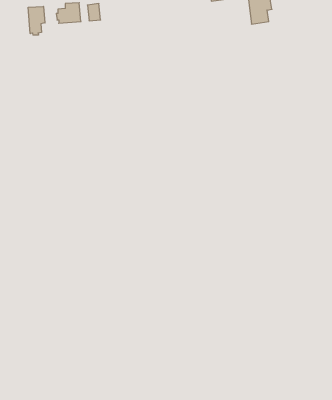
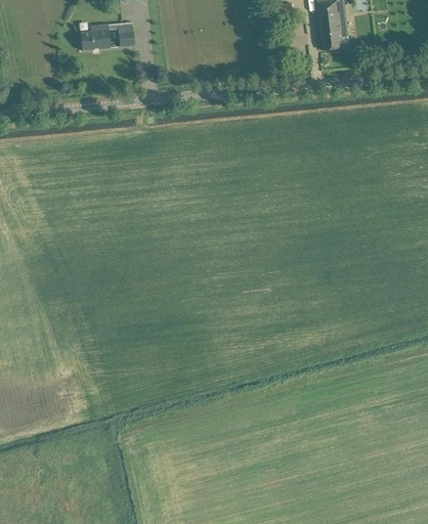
building: [28,6,45,35] -> none

